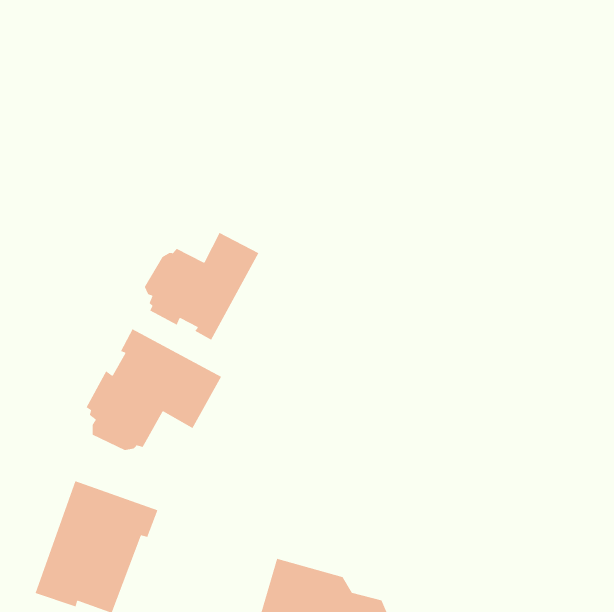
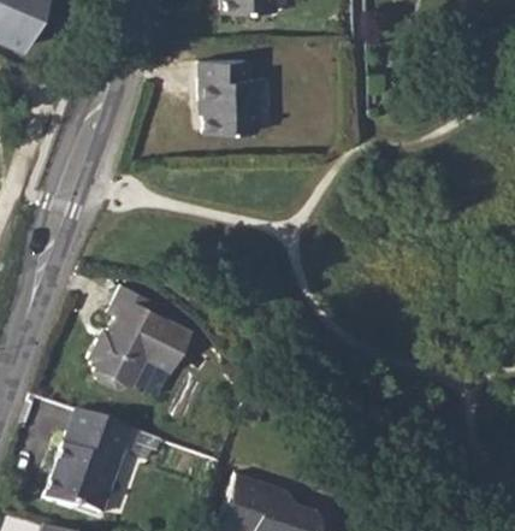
building: none -> [195,54,258,128]
building: [144,232,260,341] -> none

